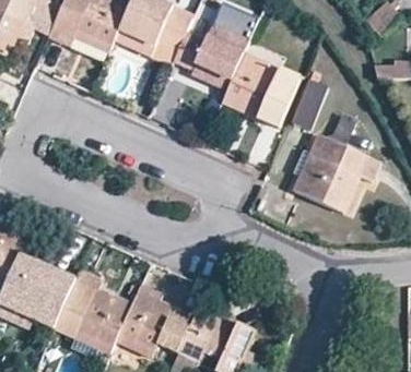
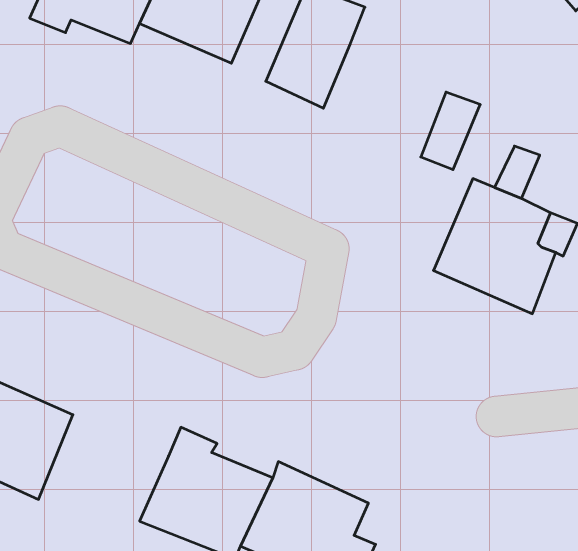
building: [222,52,300,128] -> none
building: [54,267,132,353] -> none

